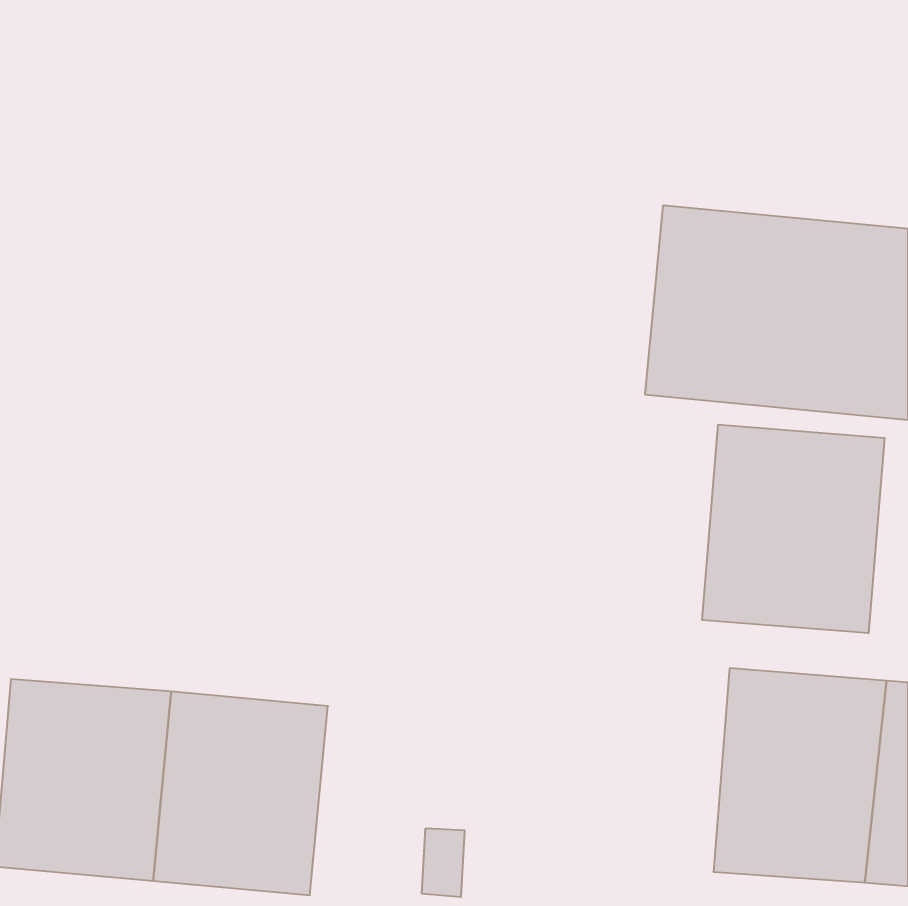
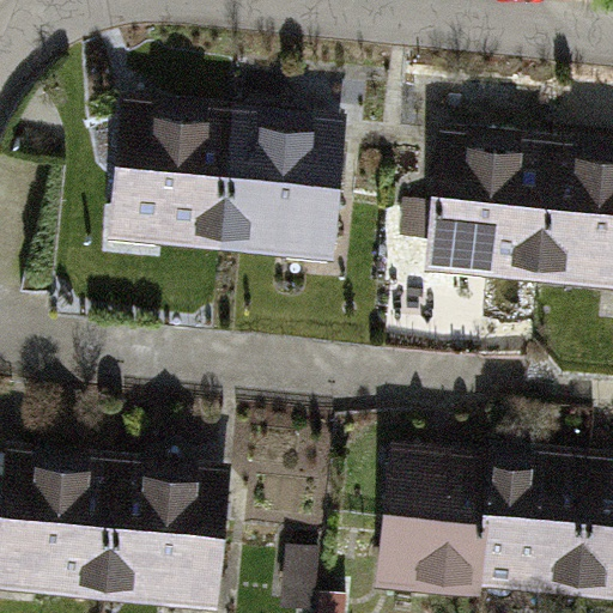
building: none -> [111,115,330,256]
building: [702,425,884,633] -> none
building: none -> [381,460,484,593]

